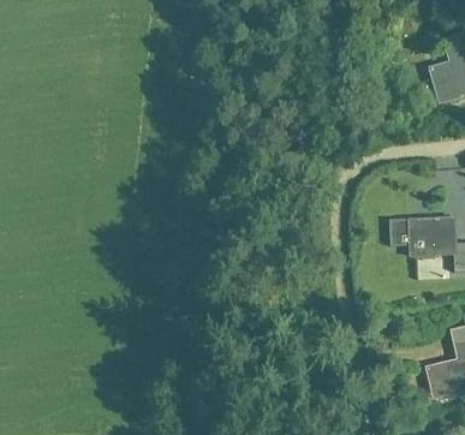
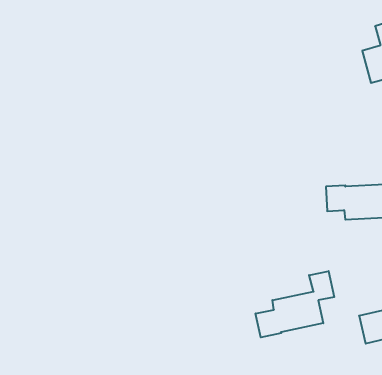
building: none -> [256,271,334,337]

